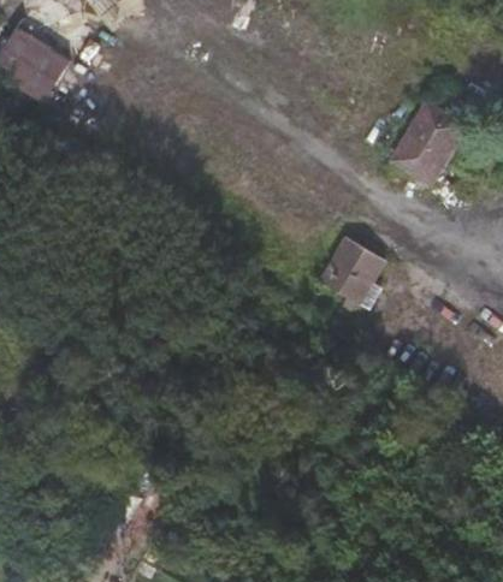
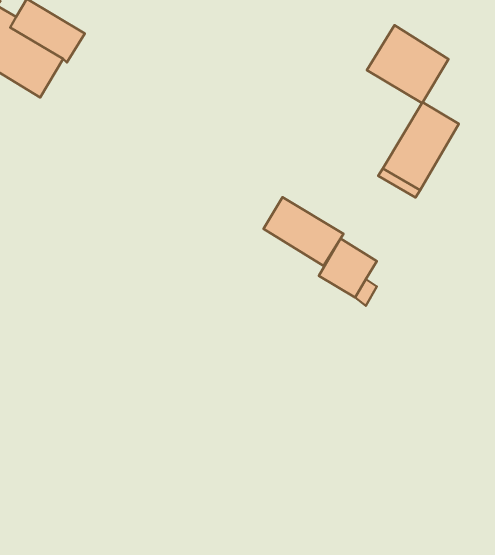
building: none -> [367,25,449,103]
building: none -> [264,197,343,266]

